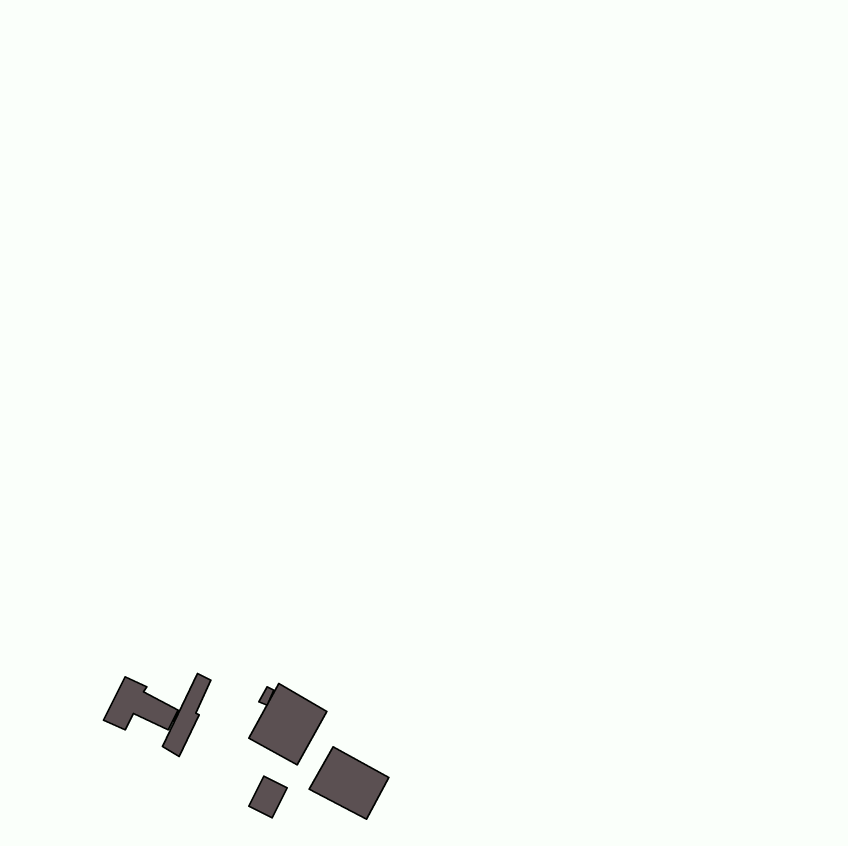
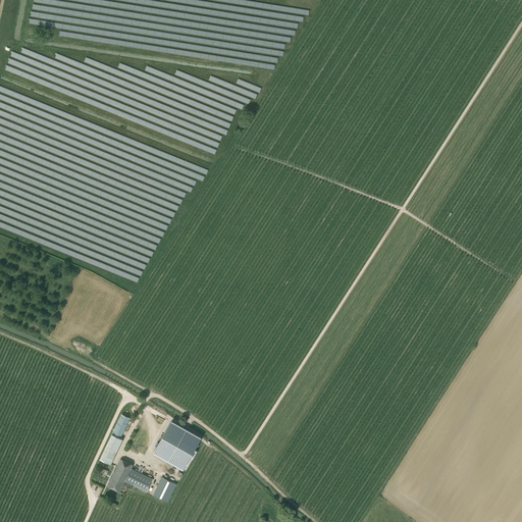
building: [104,677,178,730] -> [107,460,153,492]
building: [309,747,389,819] -> none

